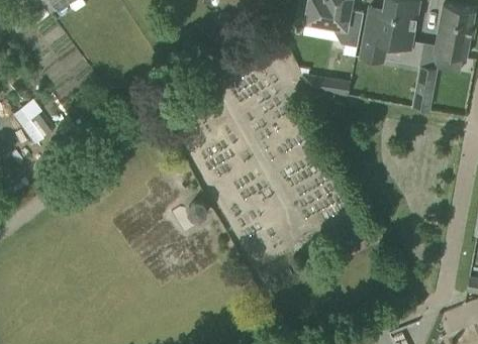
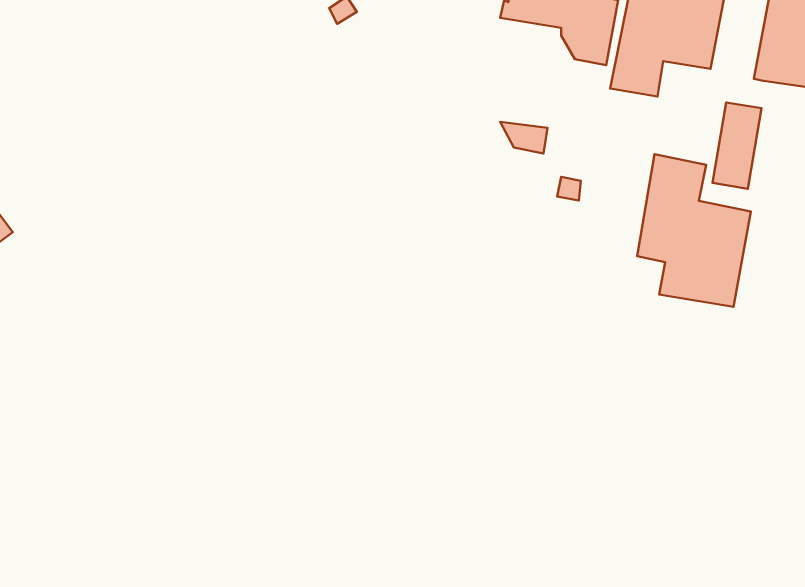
building: none -> [637,154,751,307]

